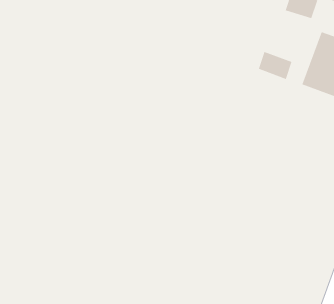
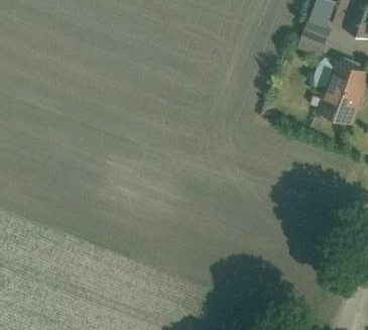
building: [258,51,292,80] -> none

